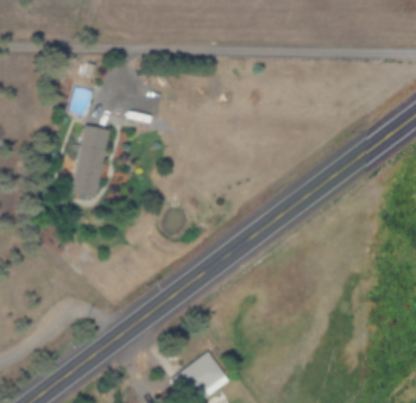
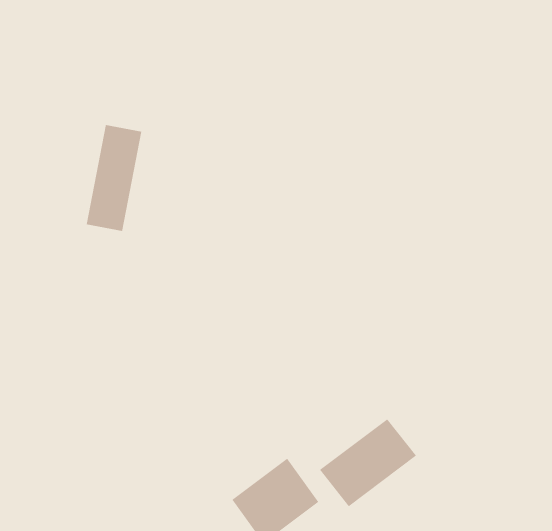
building: none -> [319,418,417,507]

